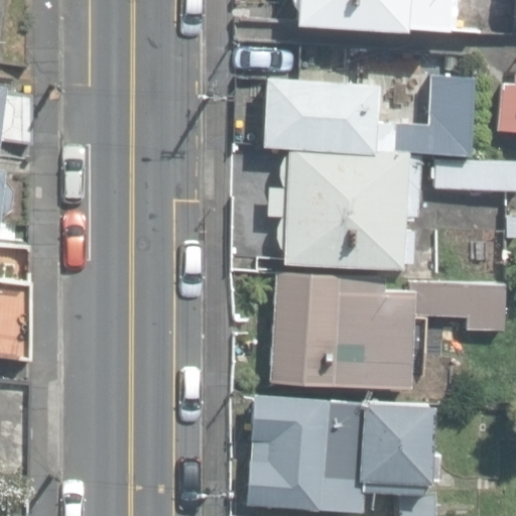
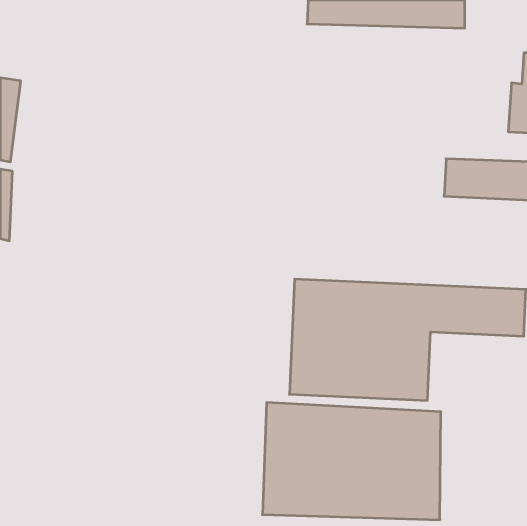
building: [257,74,473,154] -> none
building: [279,150,409,269] -> none

